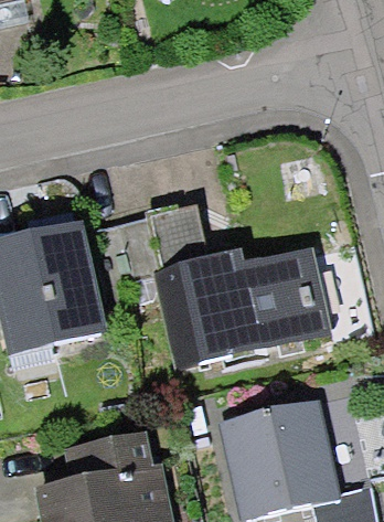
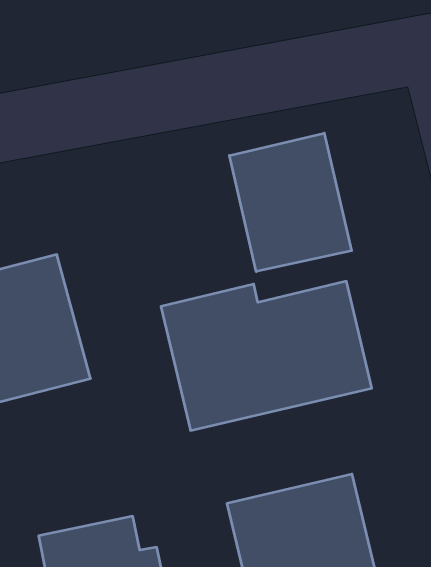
building: none -> [229,133,352,272]

